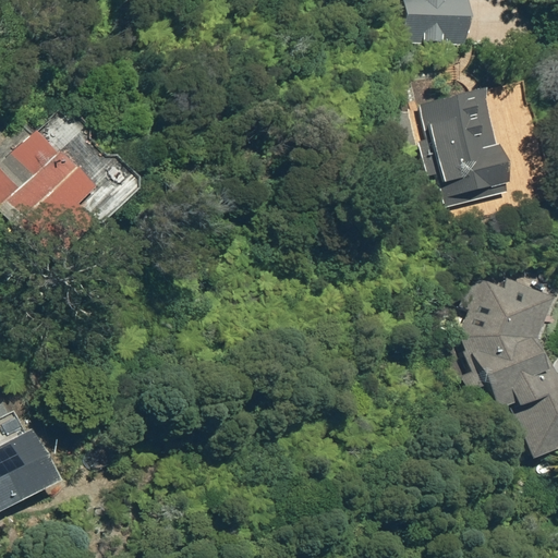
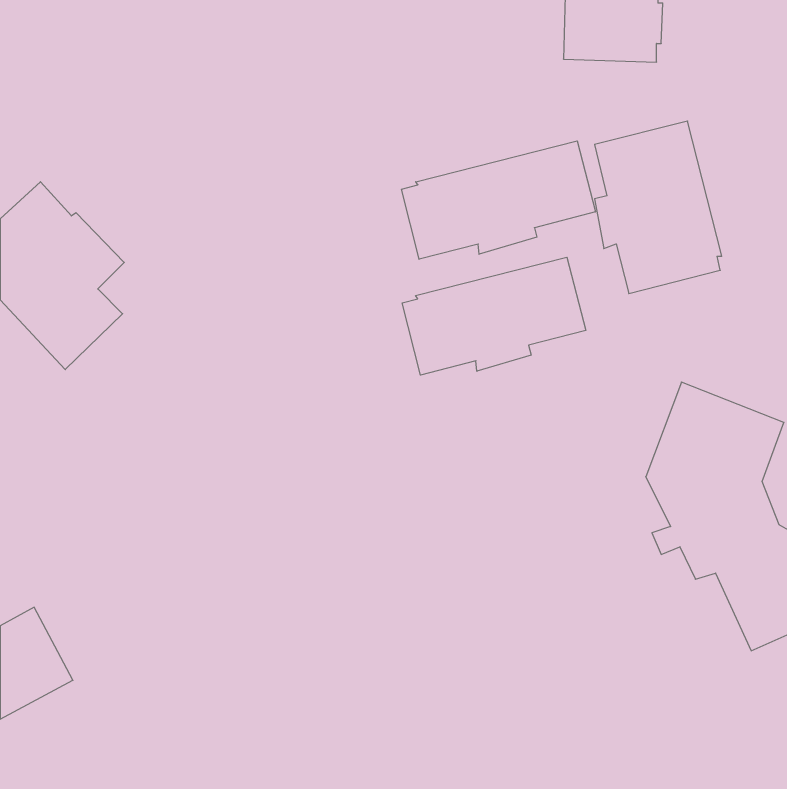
building: none -> [401,141,595,259]
building: none -> [402,257,586,375]

